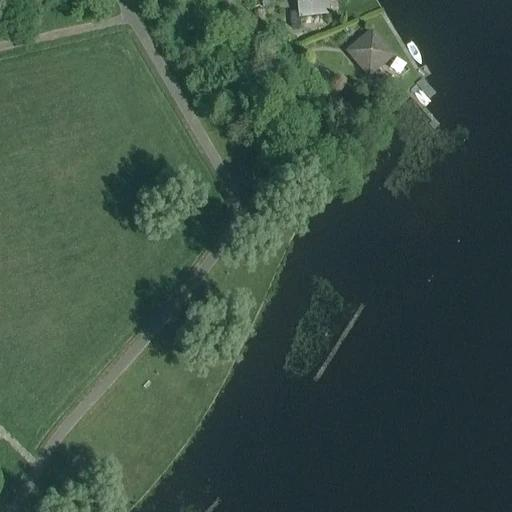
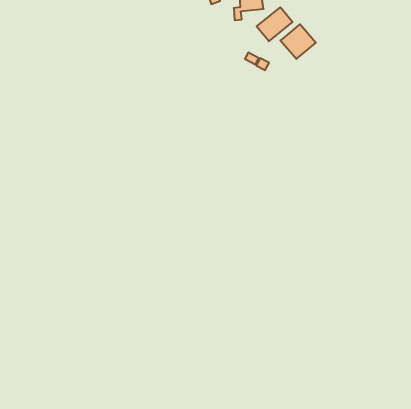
building: none -> [257,7,293,41]

